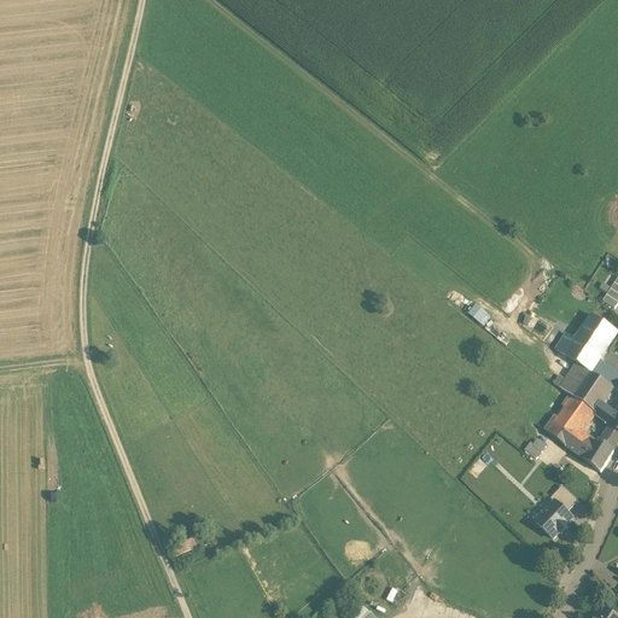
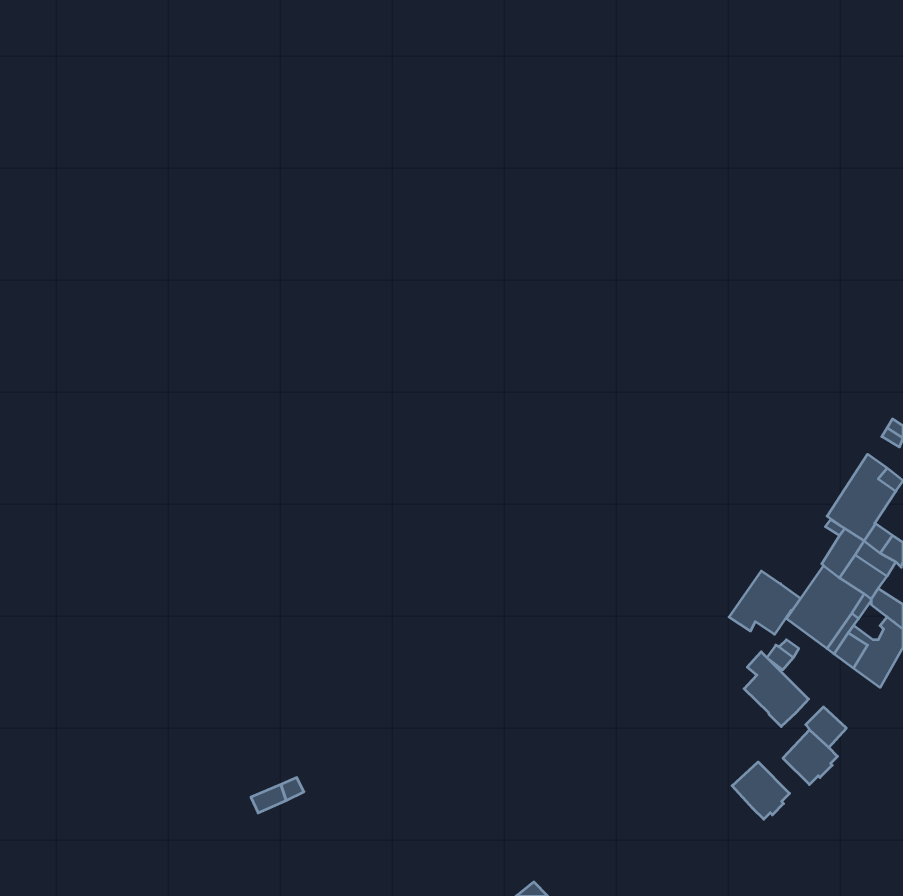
building: none -> [729,571,801,634]
building: none -> [744,652,809,727]
building: none -> [732,762,790,819]

